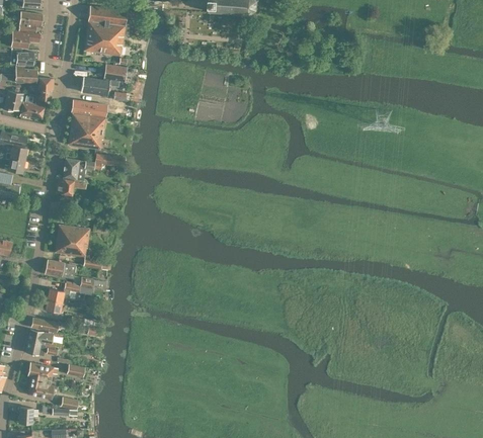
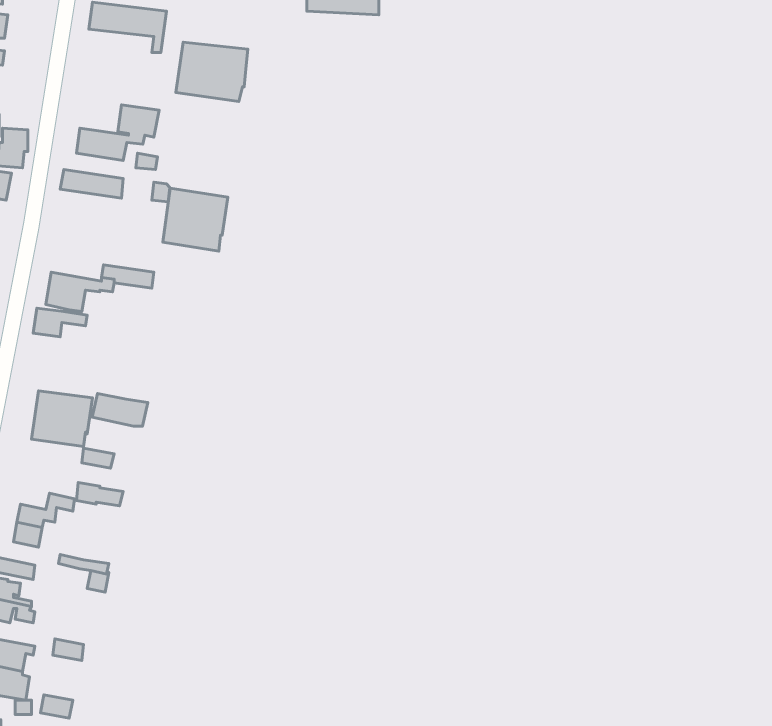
building: [84,21,125,55] -> [176,42,248,101]
building: [69,113,105,149] -> [163,188,228,251]
building: [46,260,77,278] -> [92,394,148,426]

